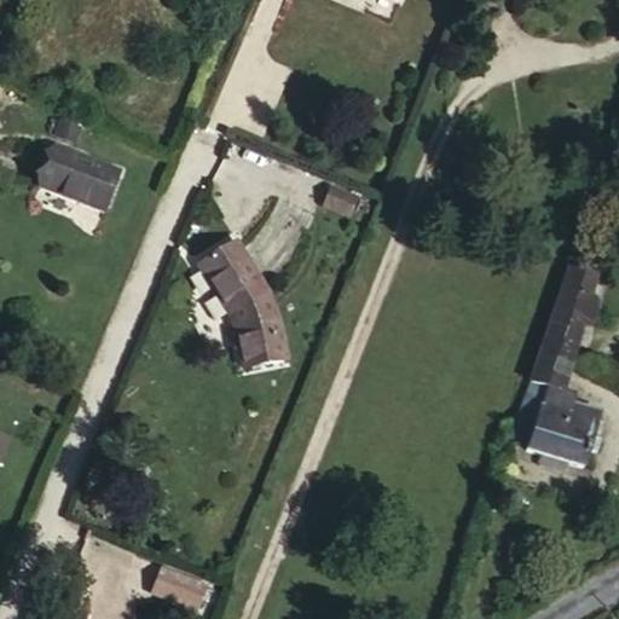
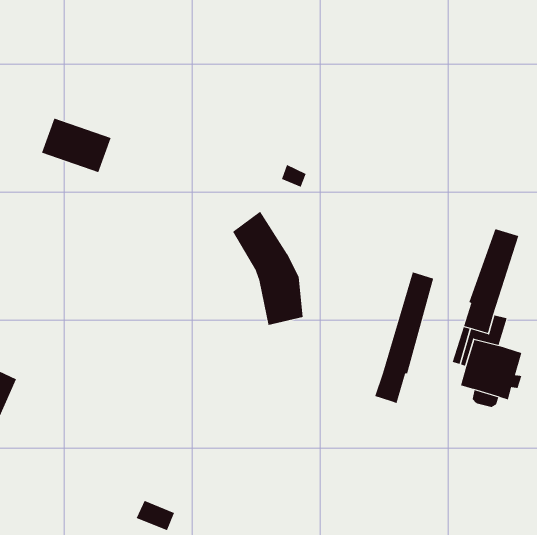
building: [201,243,283,375] -> [232,211,304,325]
building: none -> [375,271,434,404]

